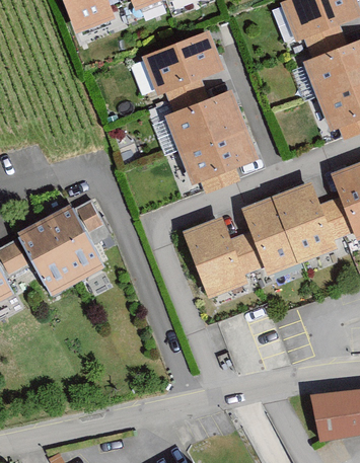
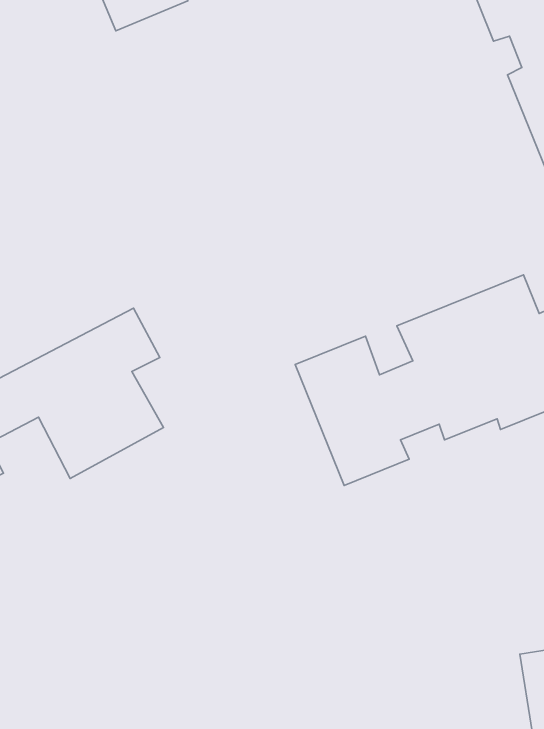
building: [142,30,258,191] -> none

